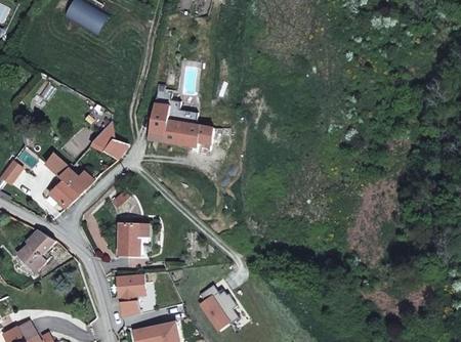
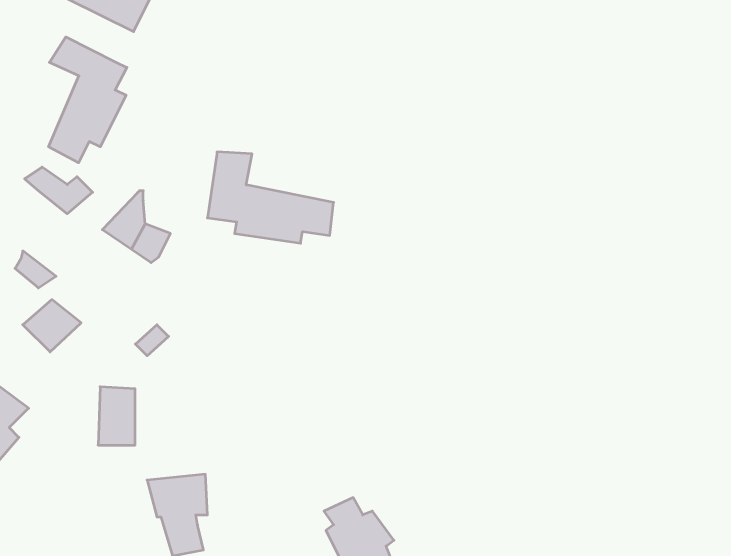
building: none -> [49,37,127,163]
building: [56,168,92,193] -> [25,167,93,214]
building: [121,222,140,253] -> [98,387,135,445]

